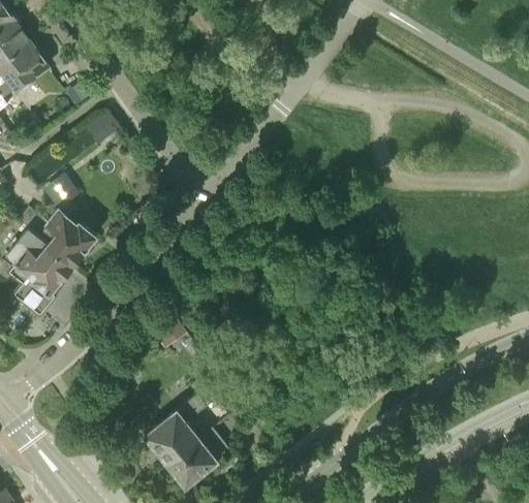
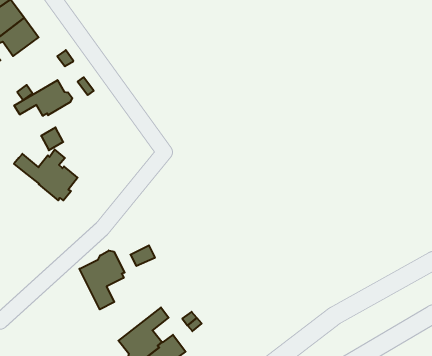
building: none -> [14,80,72,116]
building: [8,229,72,316] -> none
building: none -> [79,250,125,309]

